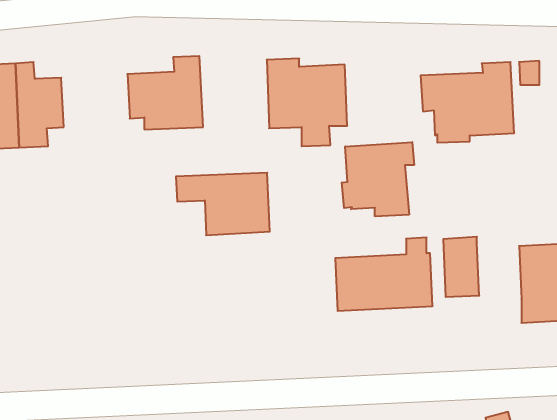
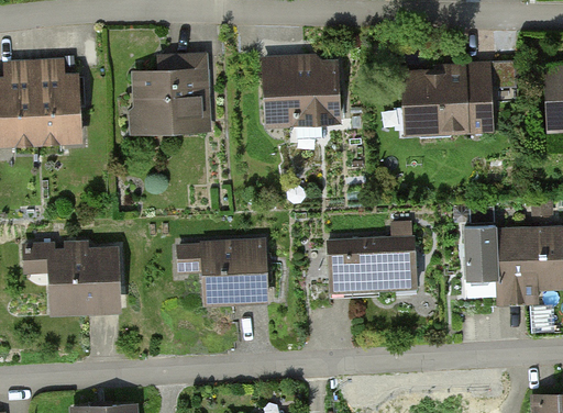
building: [342,142,414,216] -> none
building: [176,173,270,235] -> [179,244,265,301]
building: [443,237,479,297] -> [465,225,498,280]
building: none -> [25,244,119,310]

